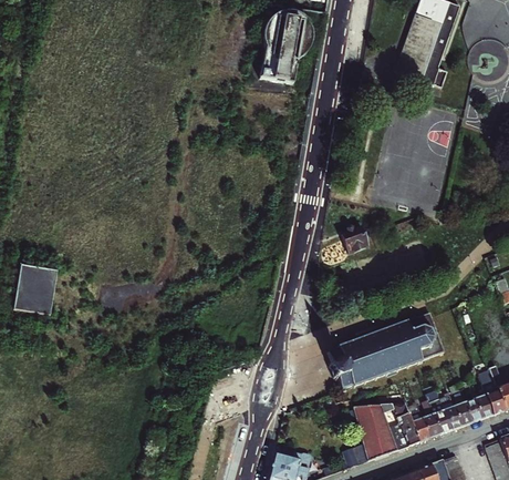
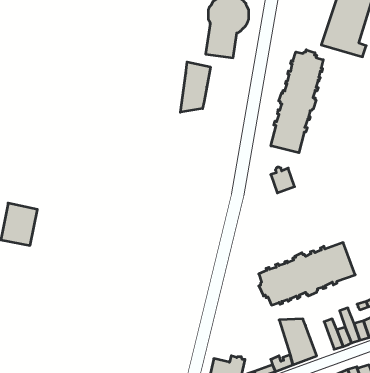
building: none -> [271,50,323,153]
building: none -> [180,62,210,112]
building: [377,402,415,449] -> none

